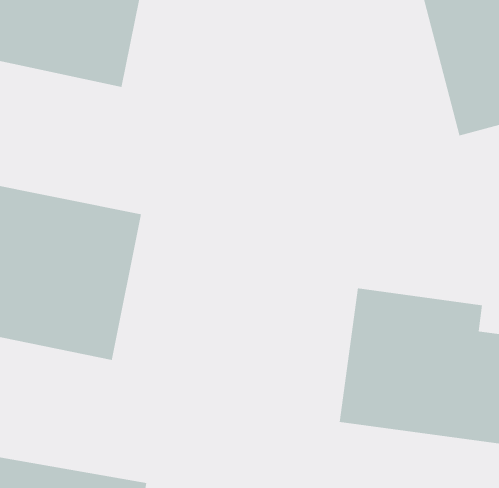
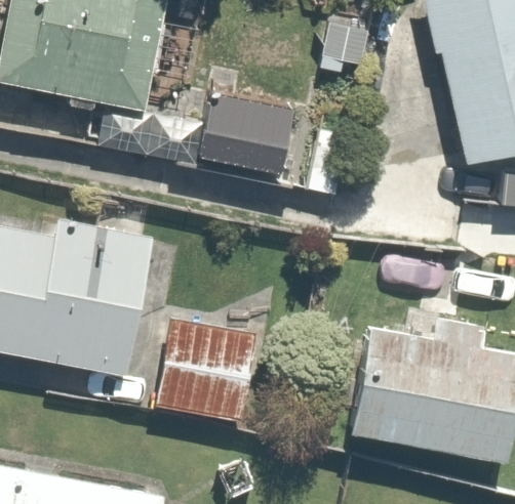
building: none -> [174,103,321,193]
building: none -> [154,319,267,430]

